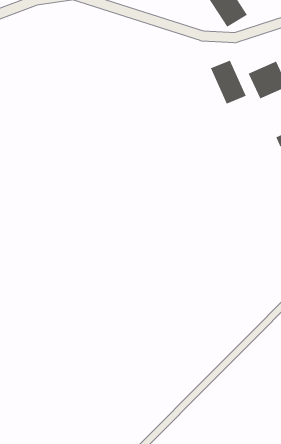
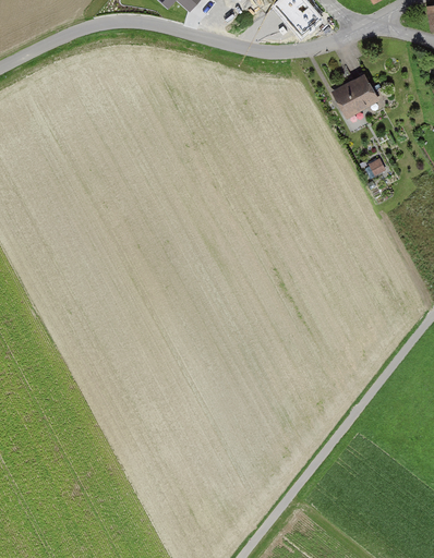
building: [210,60,247,104] -> none

